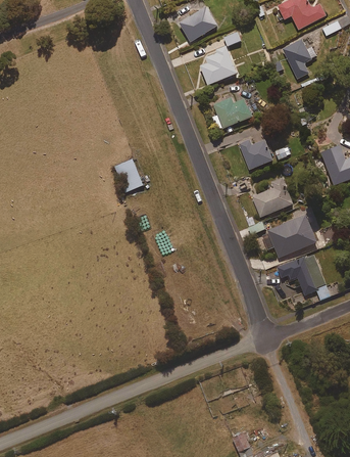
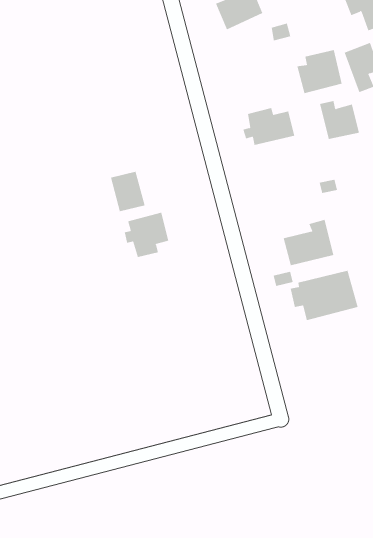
building: [199,48,236,85] -> [297,50,342,94]
building: [239,138,272,169] -> [319,100,360,140]
building: none -> [124,212,169,258]
building: [278,256,330,300] -> none

